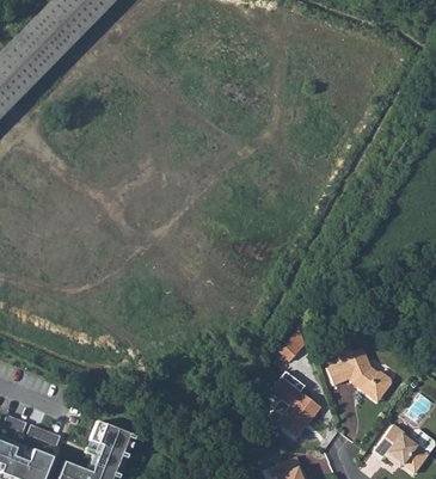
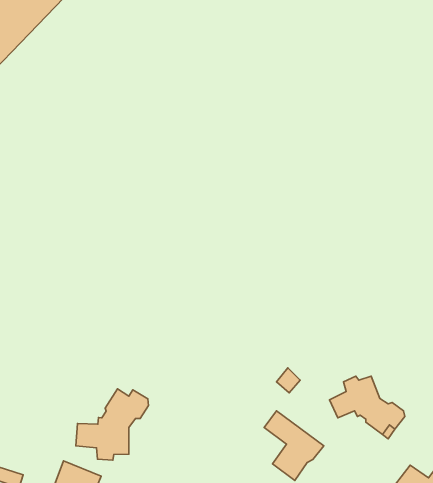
building: none -> [76,389,149,460]

